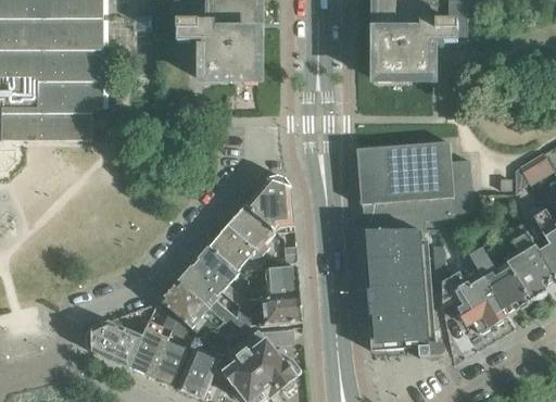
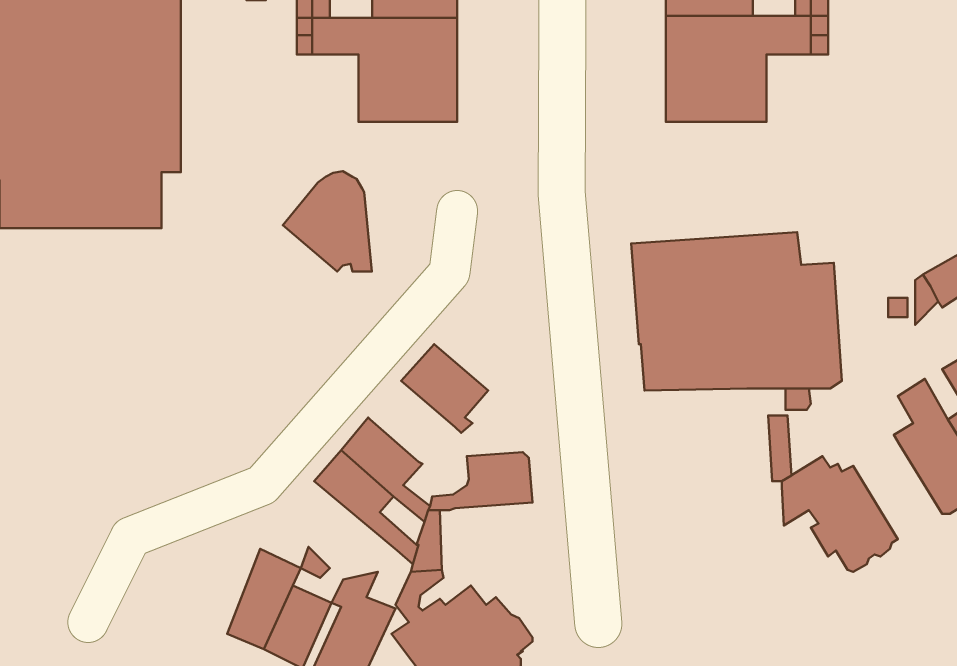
building: [244,174,294,230] -> [283,171,372,271]
building: [208,225,256,271] -> none
building: [359,229,444,354] -> none
building: [463,240,530,314] -> none
building: [160,281,224,328] -> none
building: [256,293,302,326] -> none
building: [85,321,141,367] -> none

